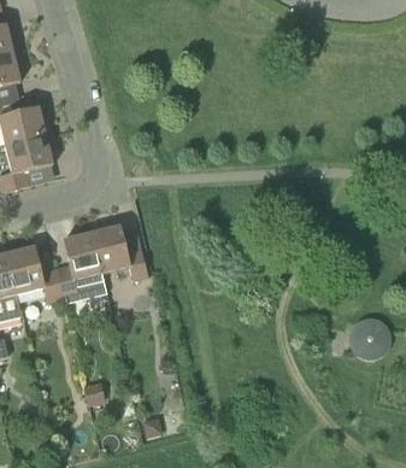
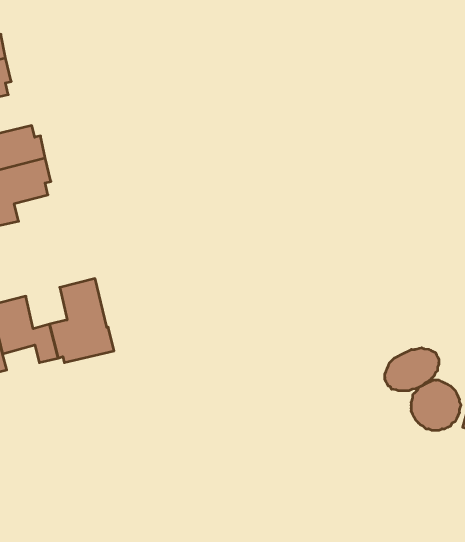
building: [90,224,146,279] -> none
building: none -> [385,348,439,391]

